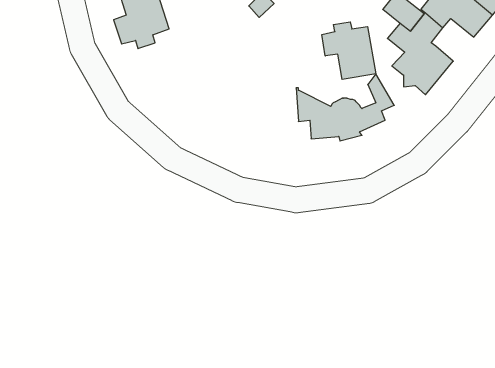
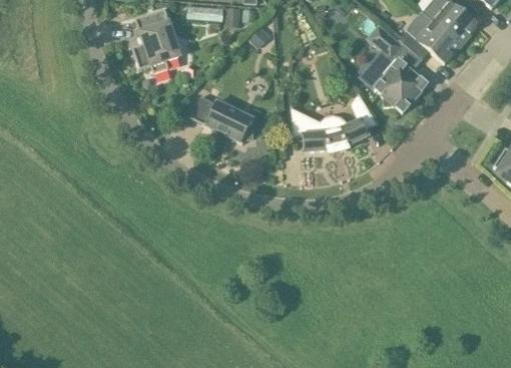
building: [322,22,376,79] -> none
building: none -> [191,96,253,142]

